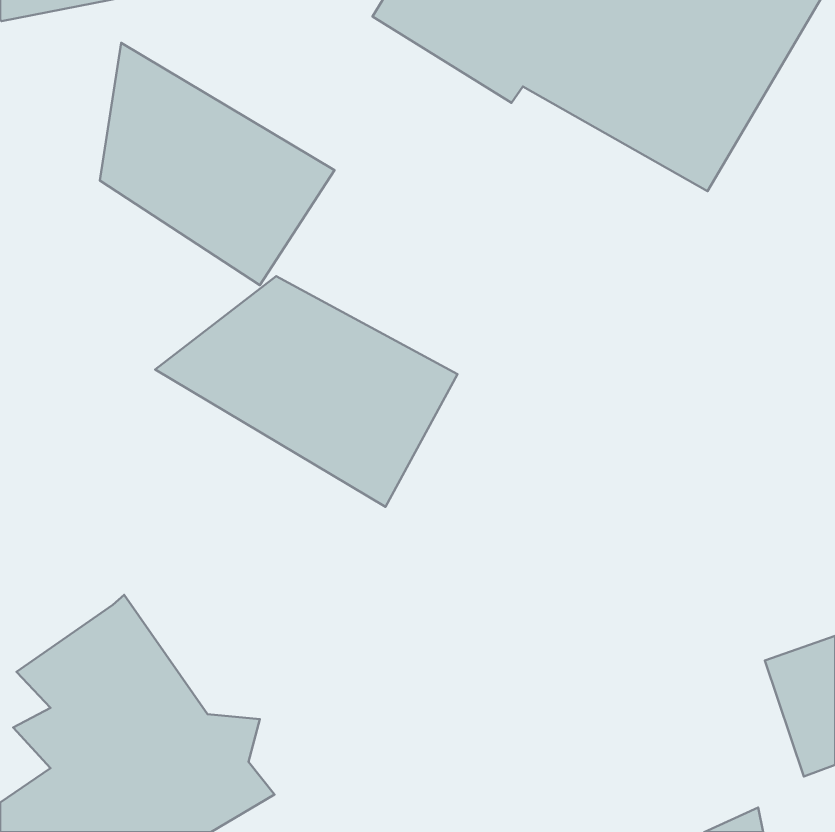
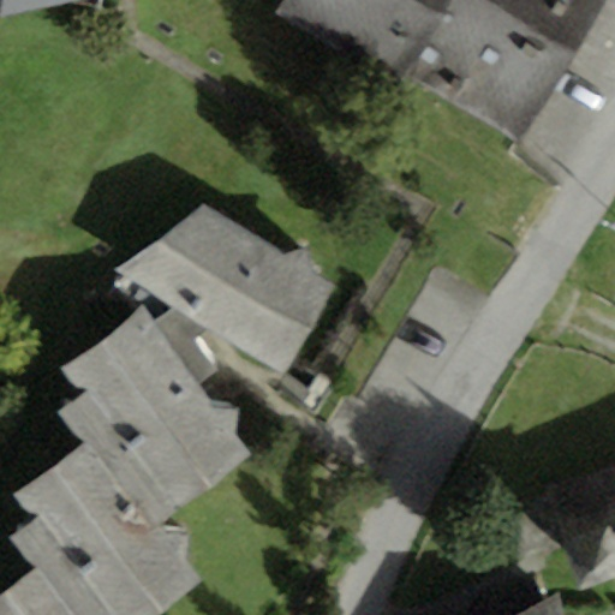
building: [100,43,335,285] -> none
building: none -> [58,310,252,525]

